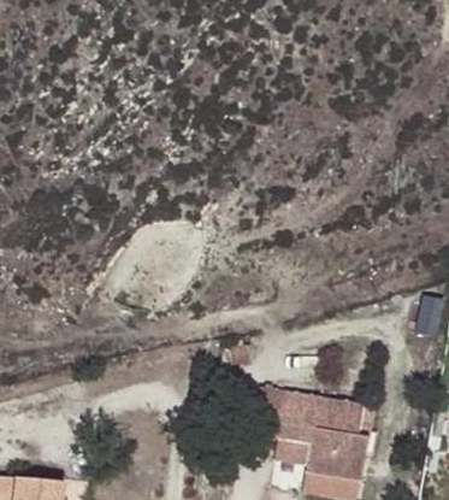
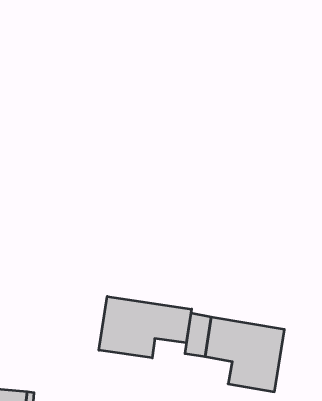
building: none -> [99,296,192,358]

